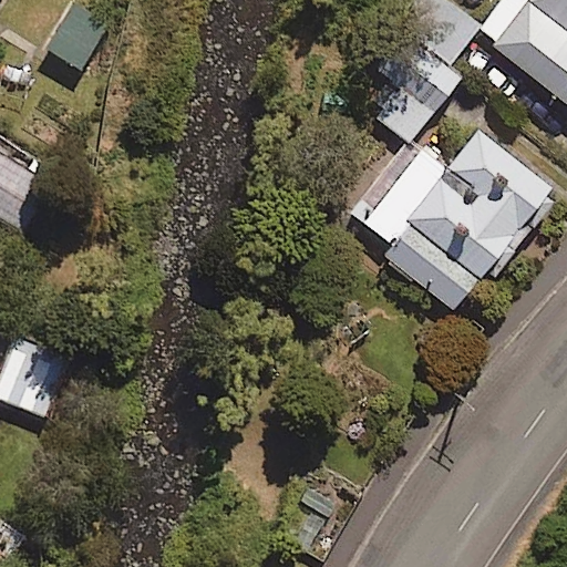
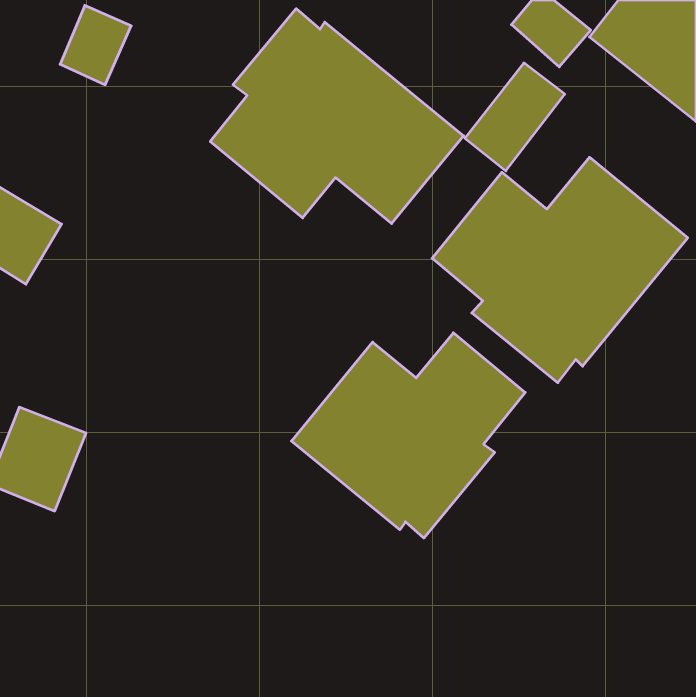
building: none -> [210,9,464,224]
building: none -> [291,333,525,538]

